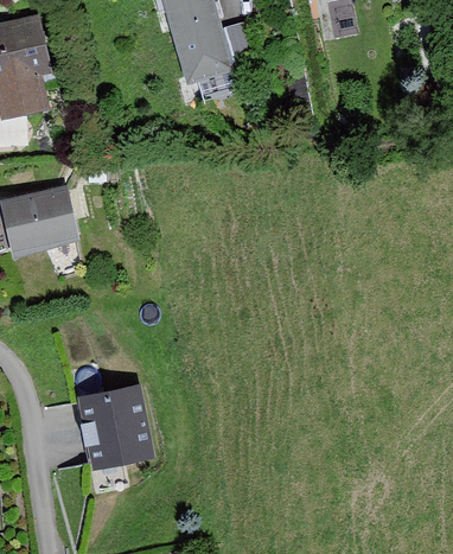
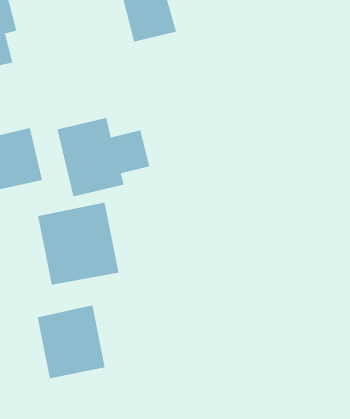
building: none -> [57,117,150,197]
building: none -> [37,202,119,285]

